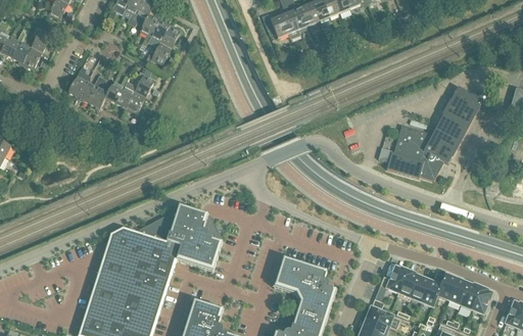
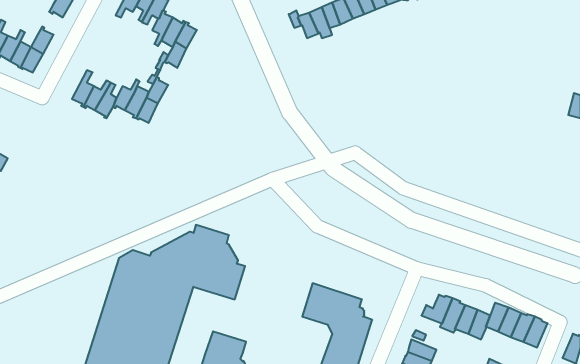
building: [375,85,482,179] -> none

